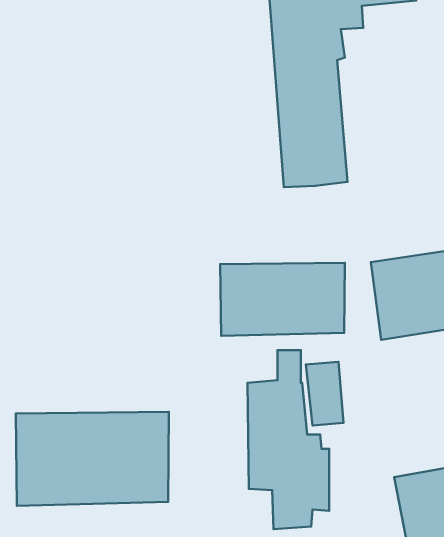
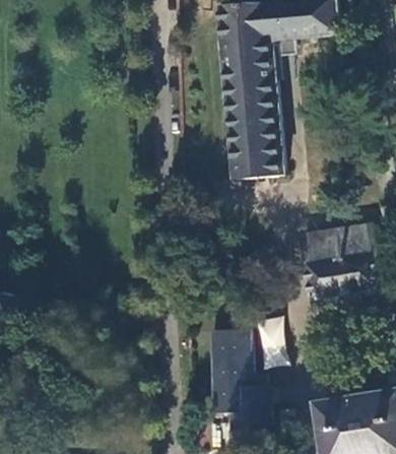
building: [220,263,345,336] -> none
building: [16,412,169,506] -> none

